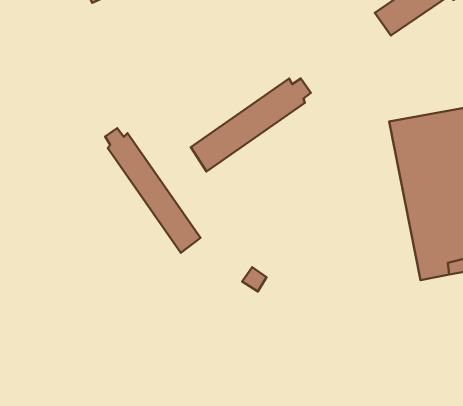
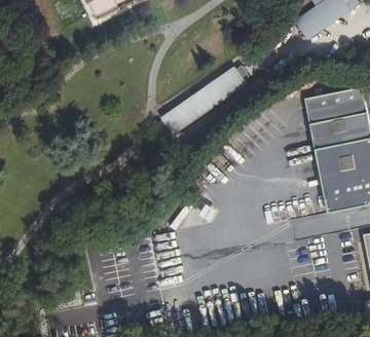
building: [105,128,201,253] -> none

